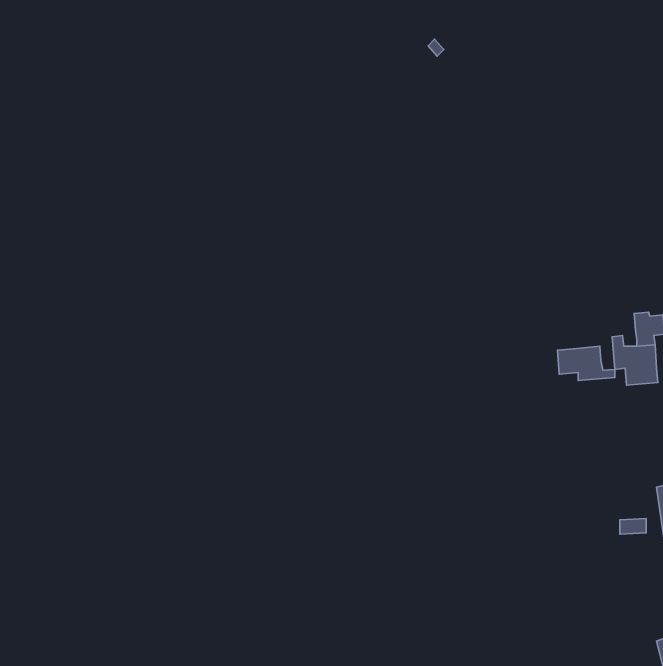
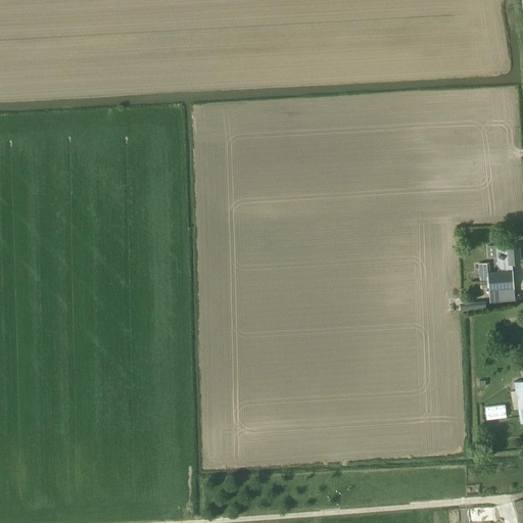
building: [557,346,615,381] -> none

